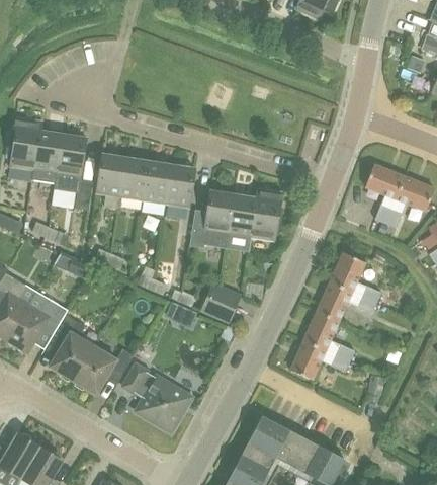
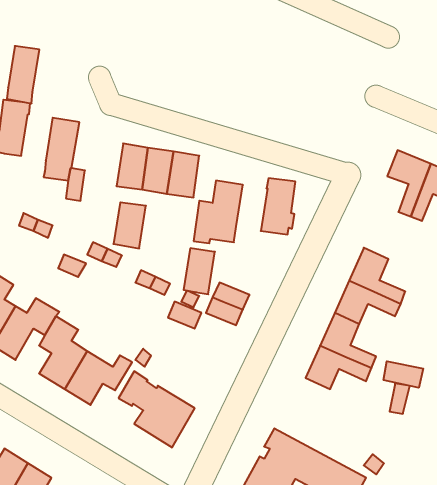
building: [32,132,62,183] -> [7,46,39,103]
building: [96,155,125,196] -> [113,202,146,248]
building: [228,195,256,237] -> [184,248,215,294]
building: none -> [384,361,423,388]

